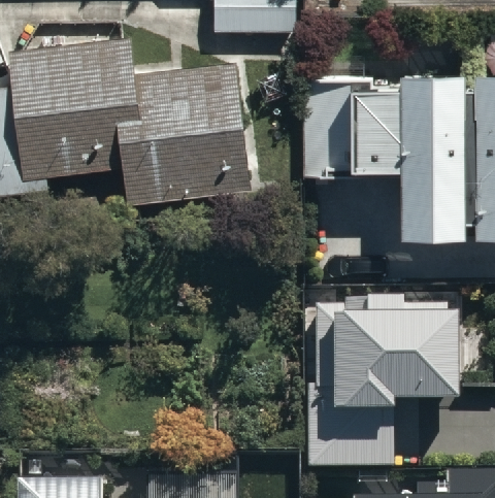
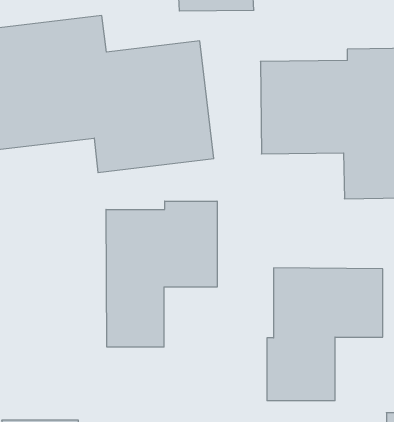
building: none -> [106,201,217,347]

